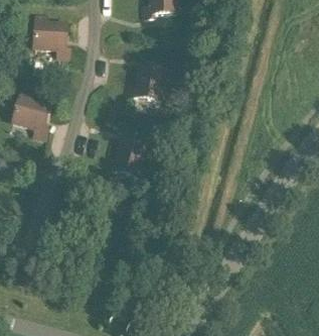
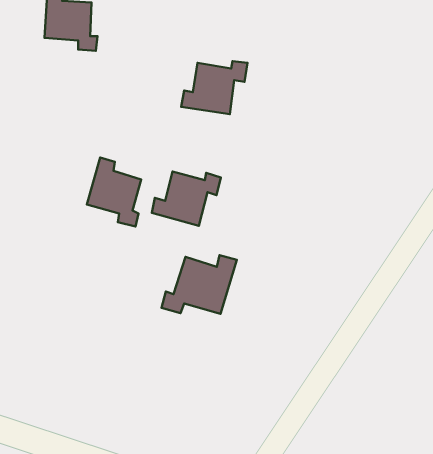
building: [12,91,49,138] -> [87,158,141,227]
building: none -> [162,255,237,314]

